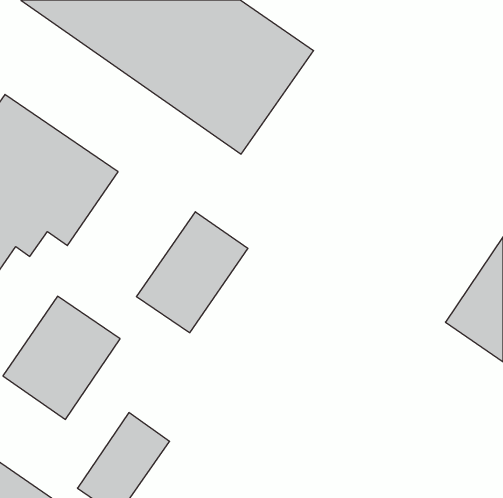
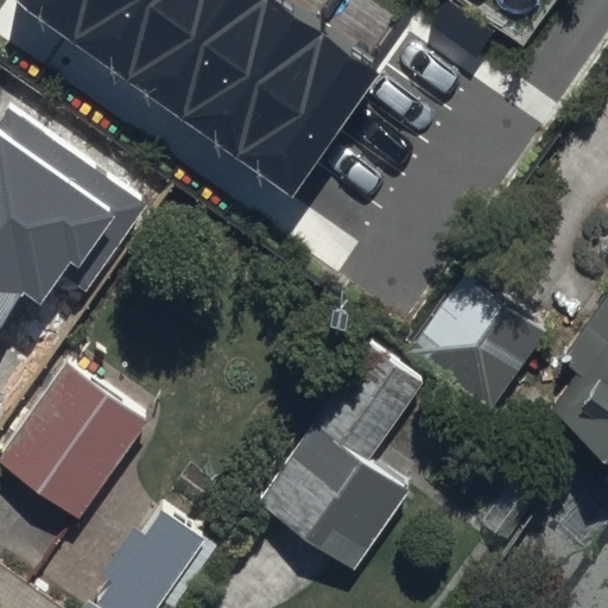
building: [136,212,248,333] -> none
building: none -> [405,271,544,404]
building: none -> [256,346,424,571]

